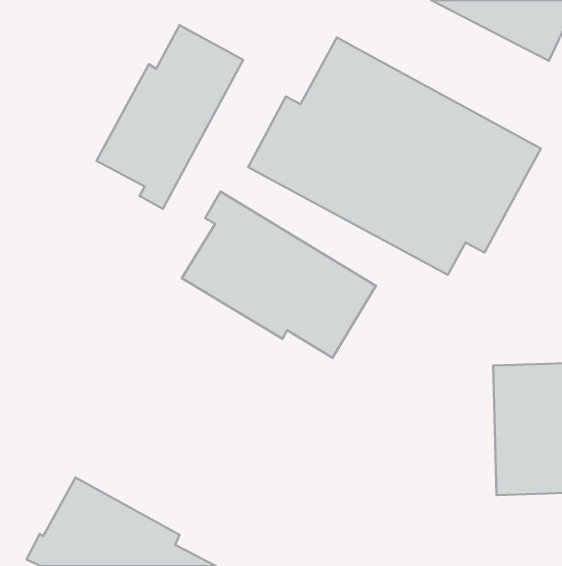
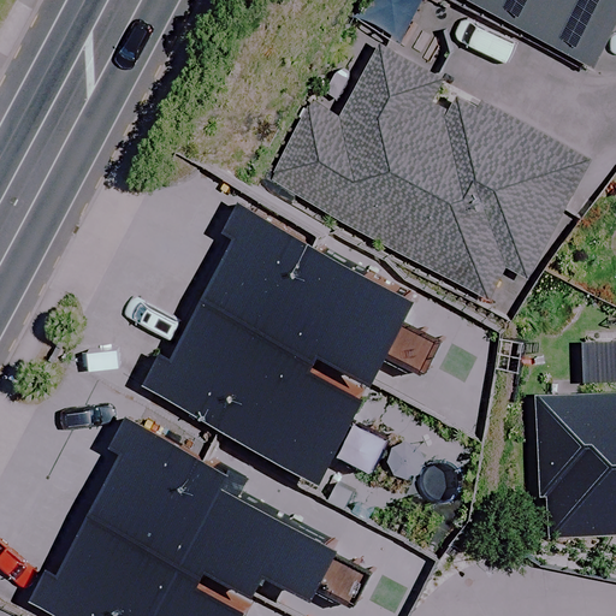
building: [96,25,243,209] -> none
building: none -> [142,302,360,487]
building: none -> [87,422,332,600]

